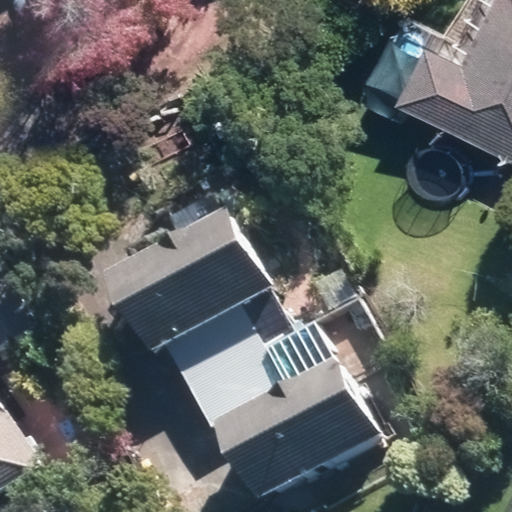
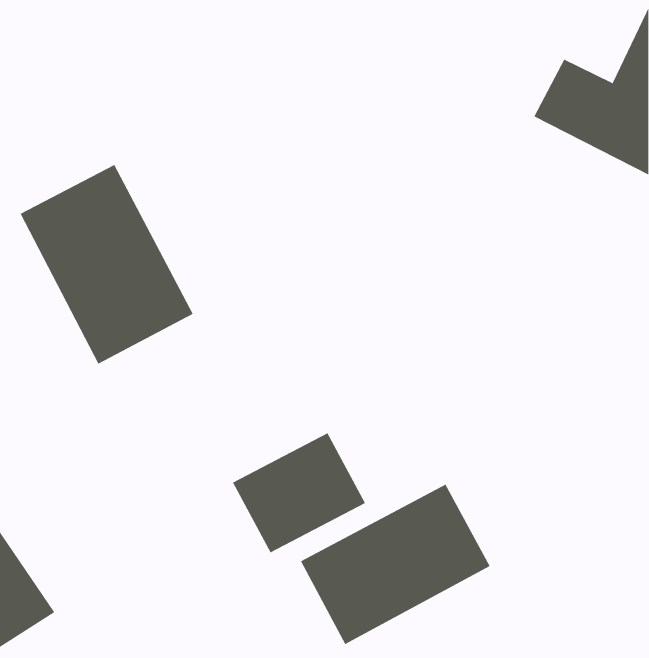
building: none -> [20,164,194,365]
building: [120,217,273,348] -> none

